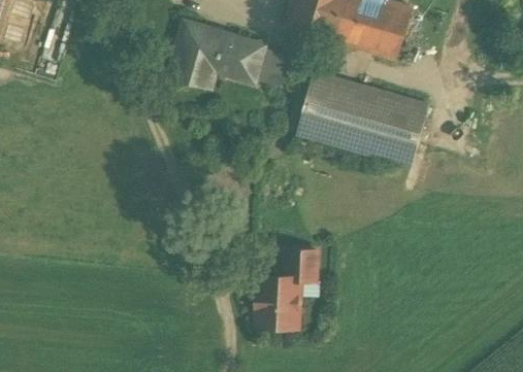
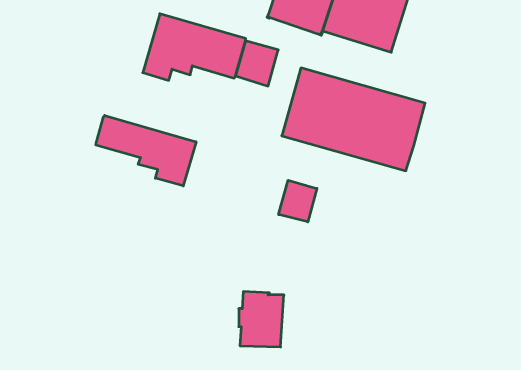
building: none -> [96,115,196,186]
building: none -> [279,180,317,222]
building: [284,249,317,280] -> none

